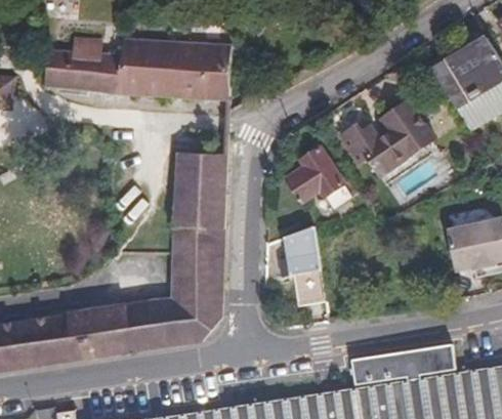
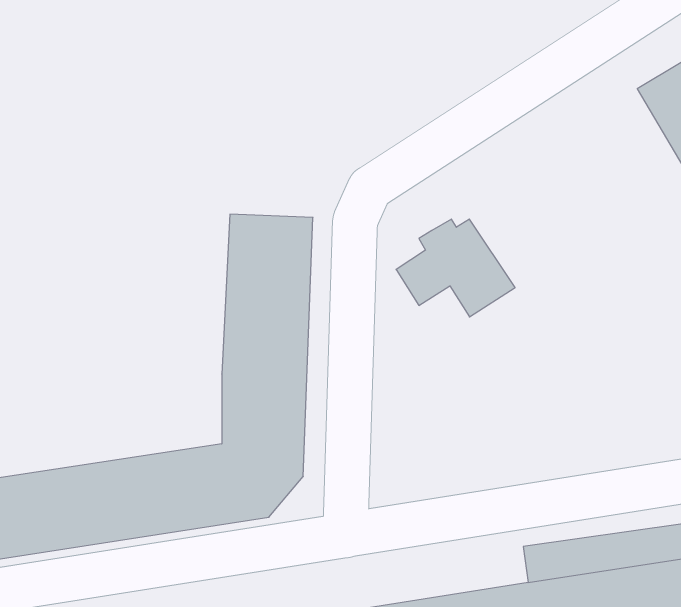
building: [42,38,228,100] -> none
building: [337,109,434,183] -> none
building: [281,234,324,313] -> none

